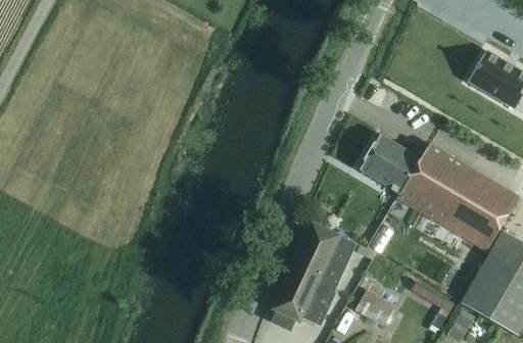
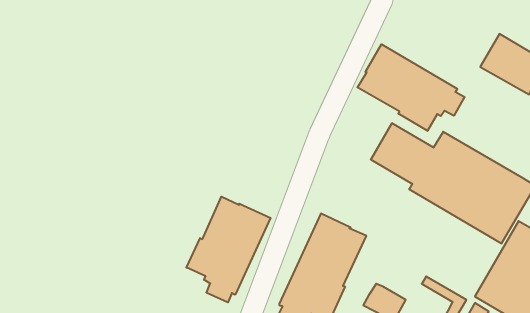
building: none -> [357,44,465,131]
building: none -> [186,197,271,302]

